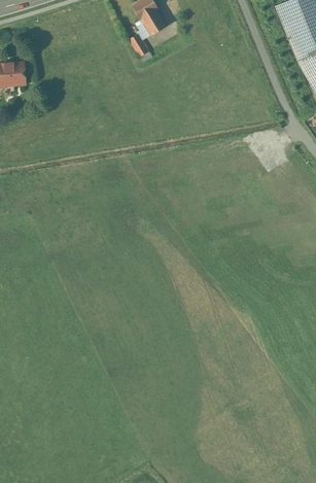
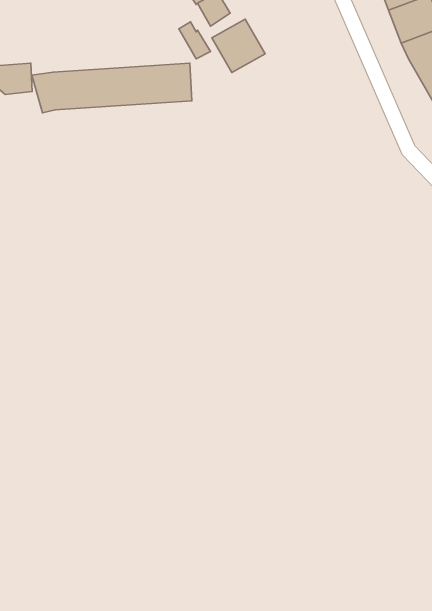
building: none -> [212,19,265,72]
building: none -> [32,63,192,113]

